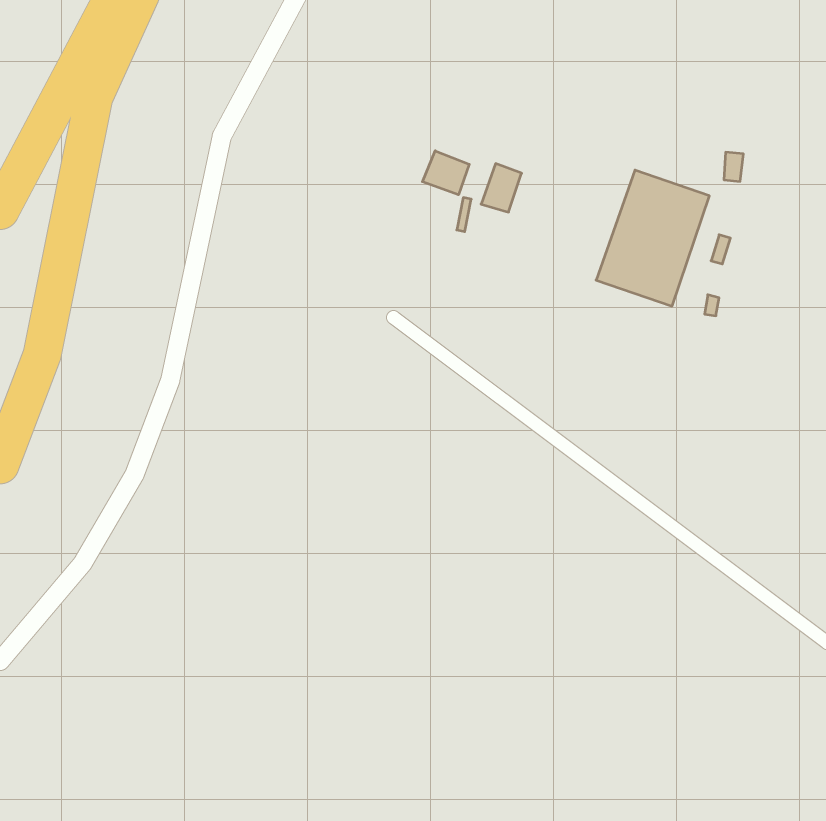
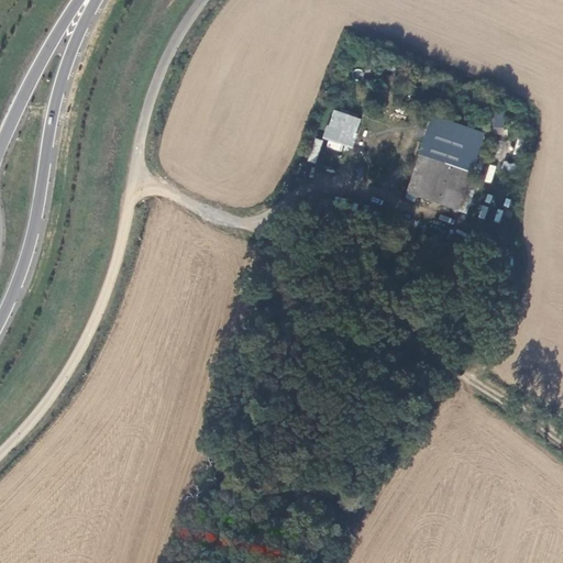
building: [422,151,469,195] -> none

